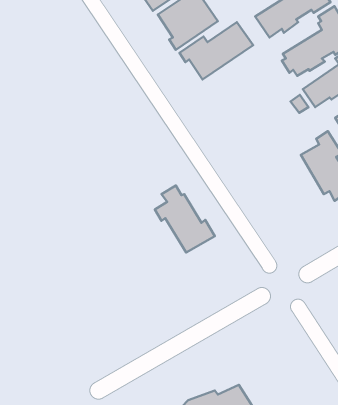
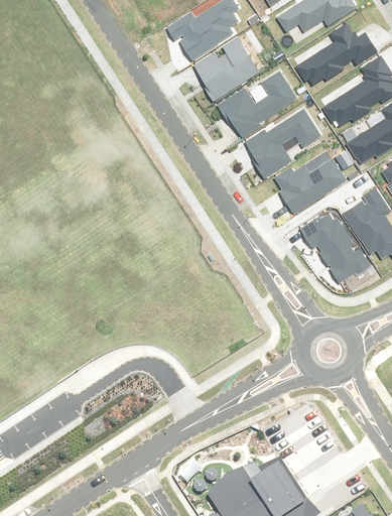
building: none -> [244,108,319,176]
building: none -> [275,158,346,214]
building: [155,186,215,252] -> [304,211,368,281]

